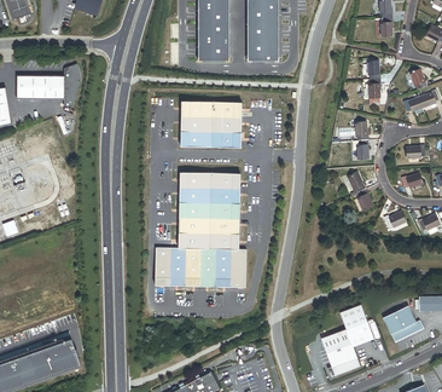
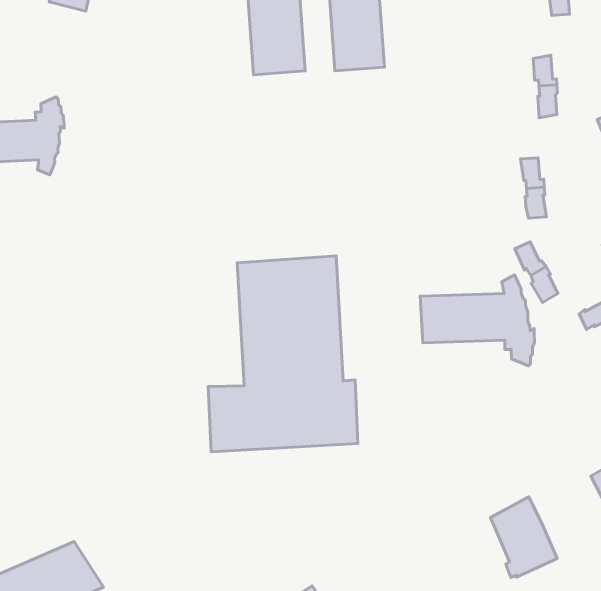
building: [180,102,242,148] -> none
building: none -> [420,275,534,366]
building: [339,304,373,346] -> none

